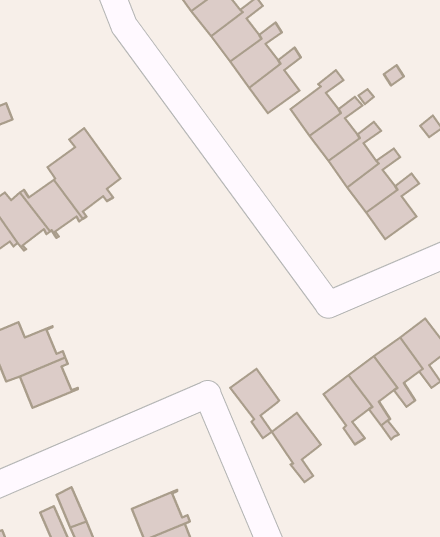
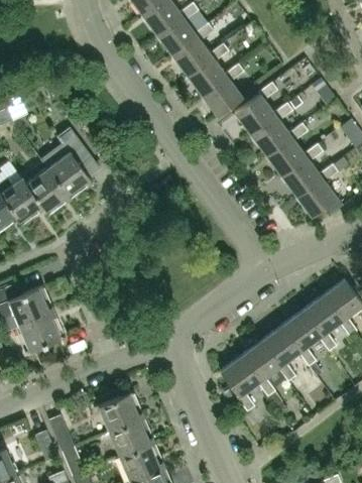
building: [230,369,279,438] -> [241,341,280,396]
building: none -> [98,392,145,433]

